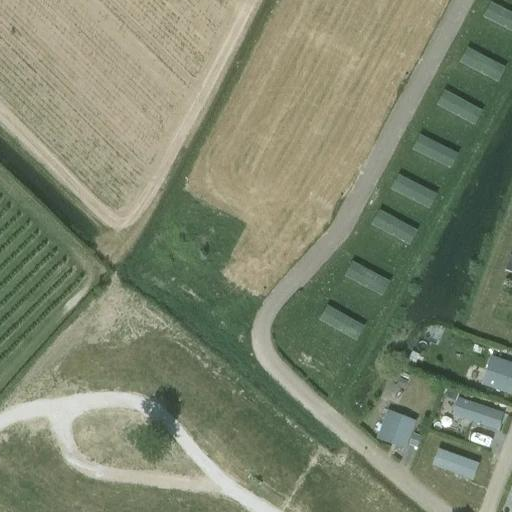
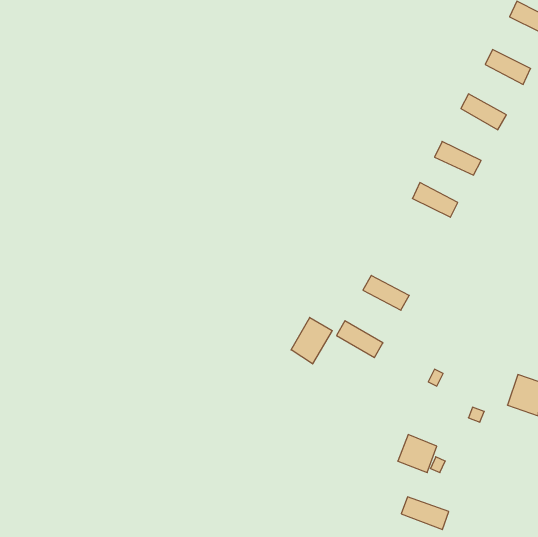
building: [372,209,416,243] -> none
building: none -> [291,317,332,364]
building: [453,397,505,430] -> none
building: [434,448,479,479] -> [401,497,449,530]

